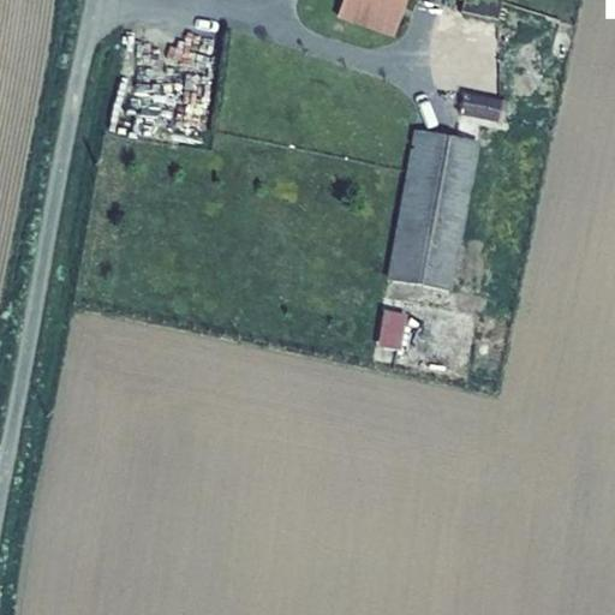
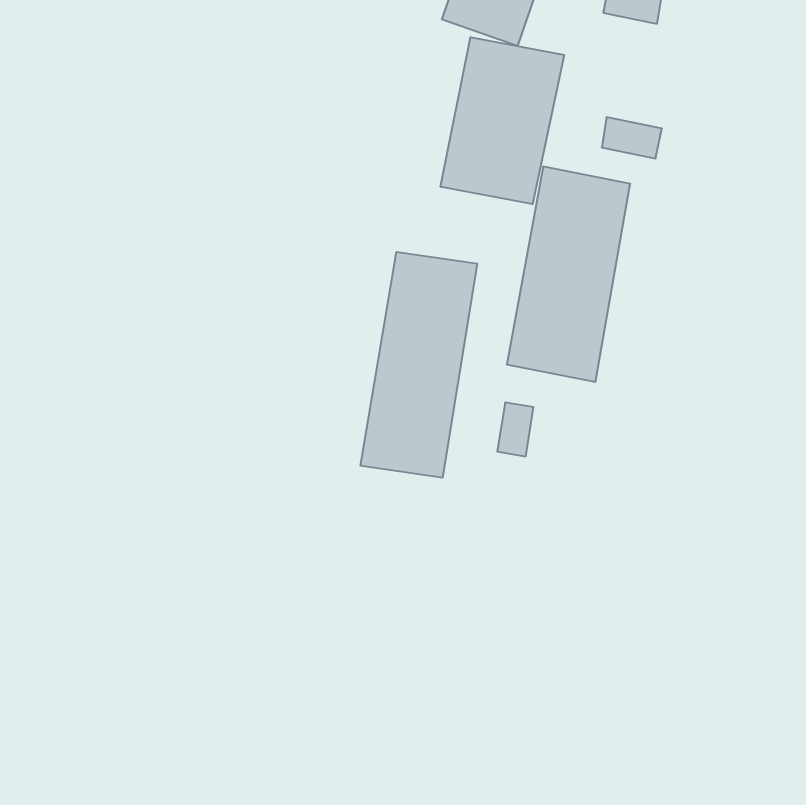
building: none -> [441,37,564,204]
building: none -> [361,252,477,478]

